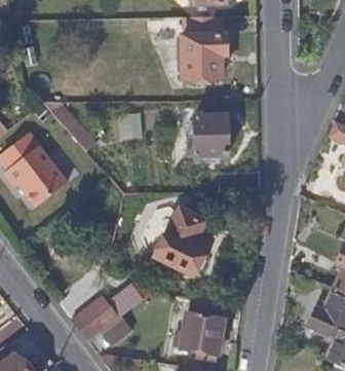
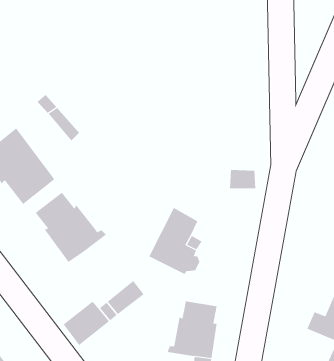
building: [115,16,224,79] -> none
building: [192,115,227,157] -> none
building: none -> [35,192,107,263]

